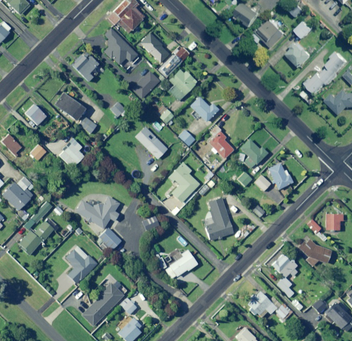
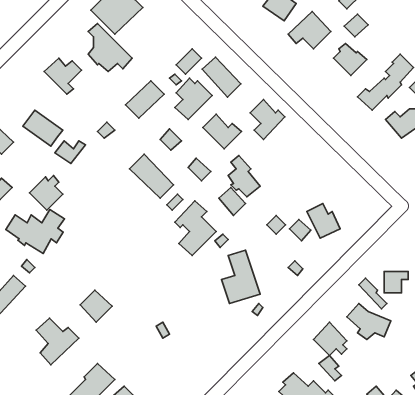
building: [140,33,169,63] -> [202,57,241,97]
building: [240,139,266,169] -> [250,99,285,140]
building: [75,196,119,229] -> [6,209,64,253]
building: [164,248,197,279] -> none

